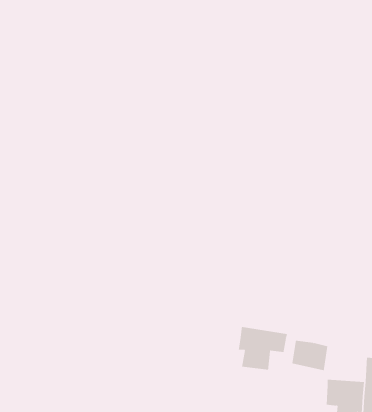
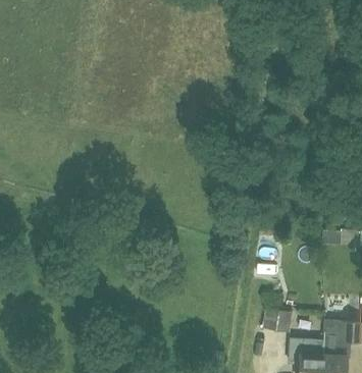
building: [238,326,288,371] -> none

